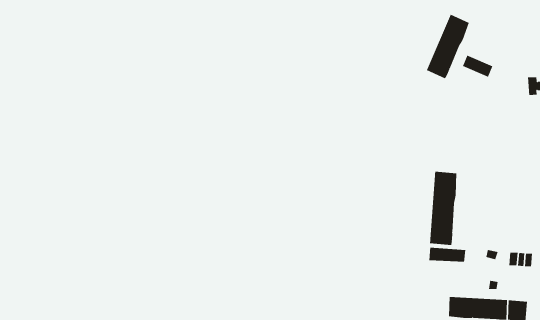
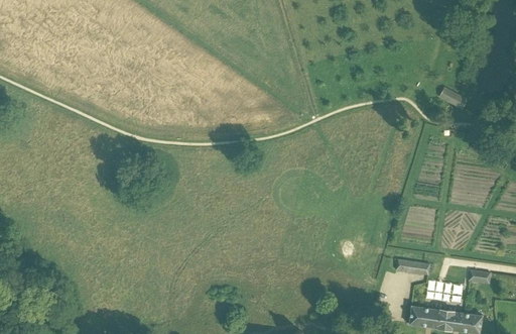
building: [426,14,469,79] -> none
building: [429,171,457,246] -> none

